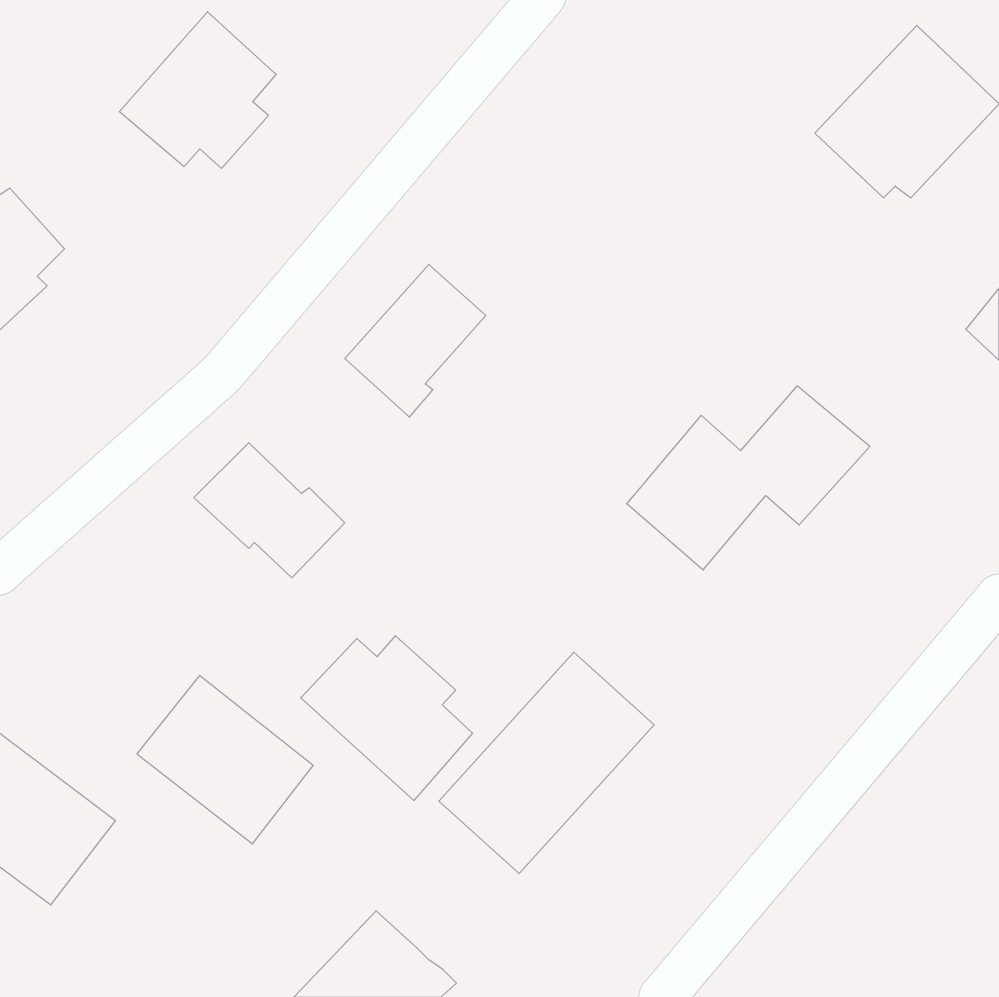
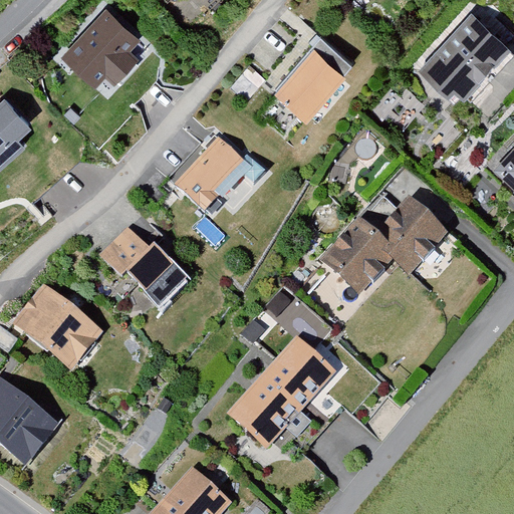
building: none -> [285,55,359,131]
building: [301,636,473,800] -> none
building: [137,675,313,844] -> [11,283,101,369]

